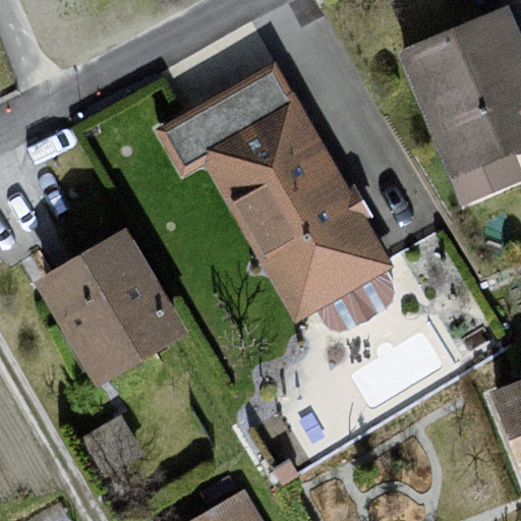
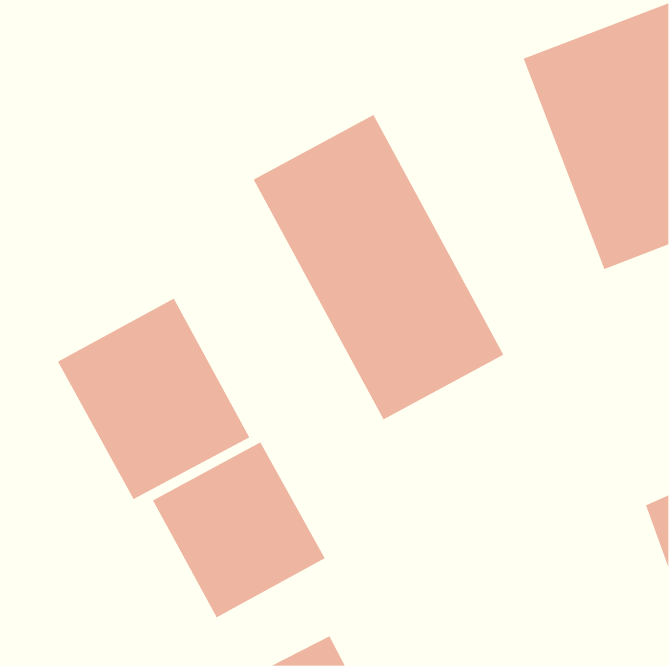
building: none -> [152,441,325,618]

